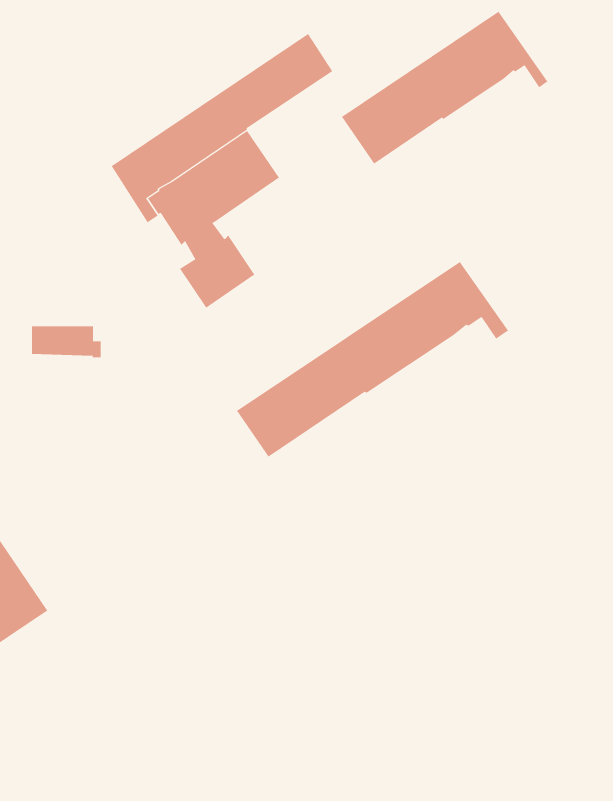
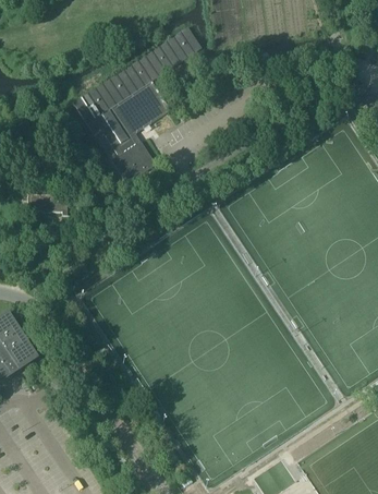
building: [341,11,548,165] -> none
building: [236,261,509,457] -> none

